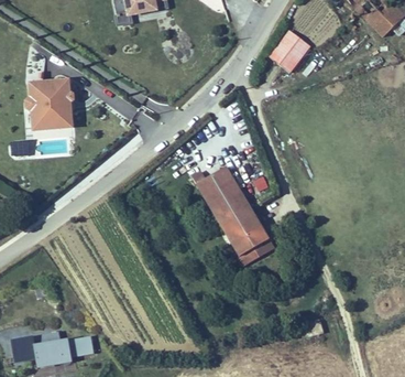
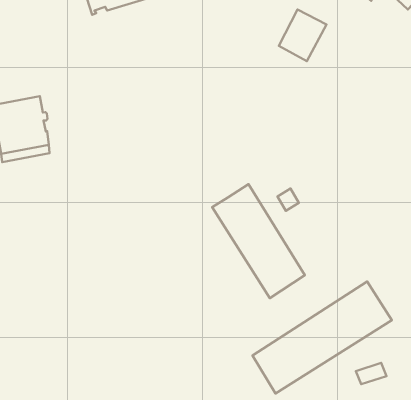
building: none -> [252,281,392,394]

